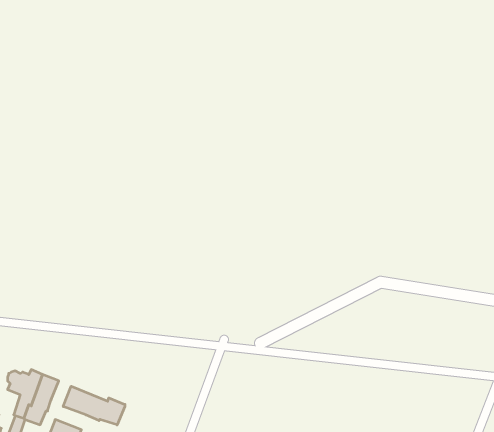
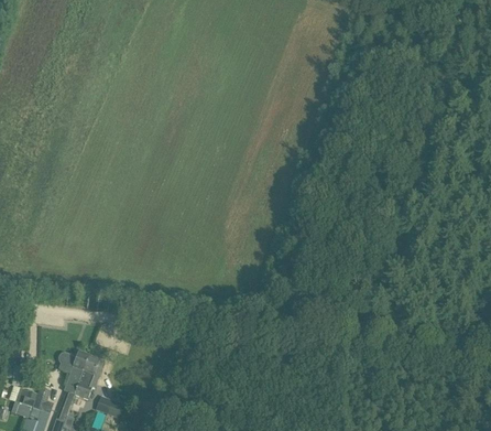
building: [63,386,125,425] -> none

